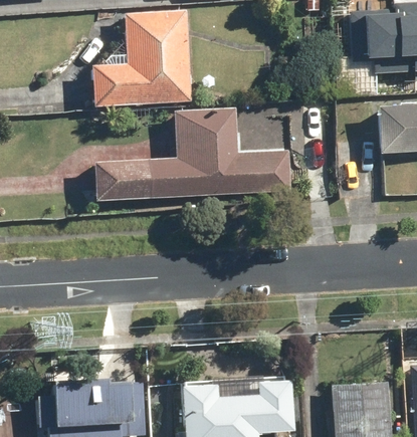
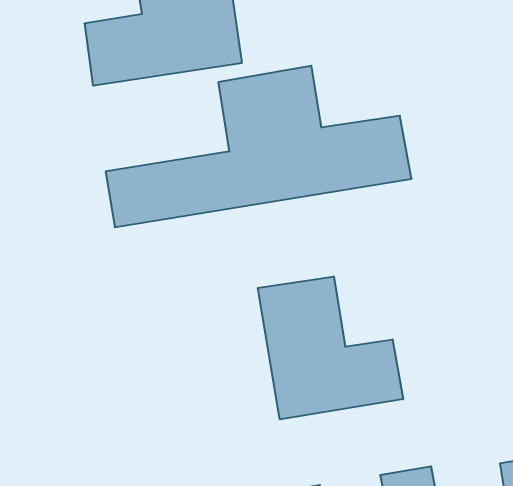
building: none -> [258,276,403,419]

